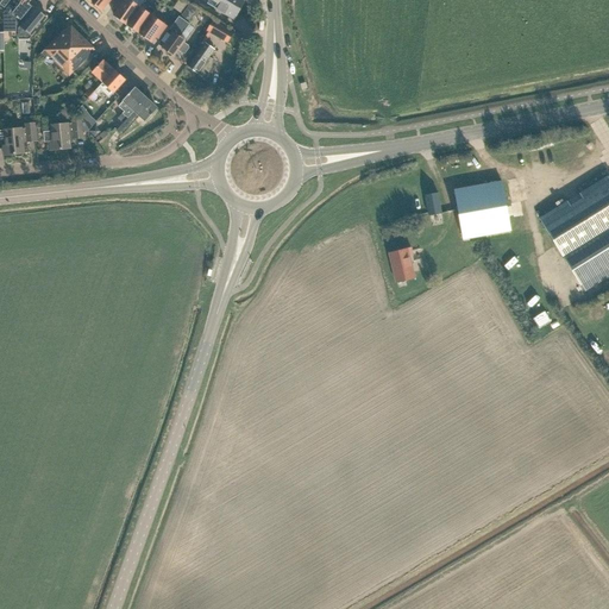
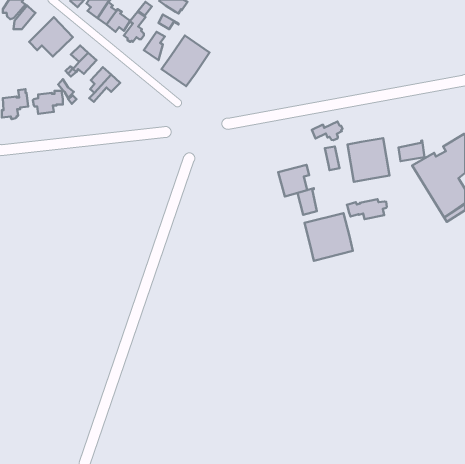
building: none -> [161,36,210,86]
building: none -> [312,122,342,140]
building: none -> [398,141,425,161]
building: none -> [278,165,309,196]
building: none -> [347,199,387,219]
building: none -> [305,213,353,261]

